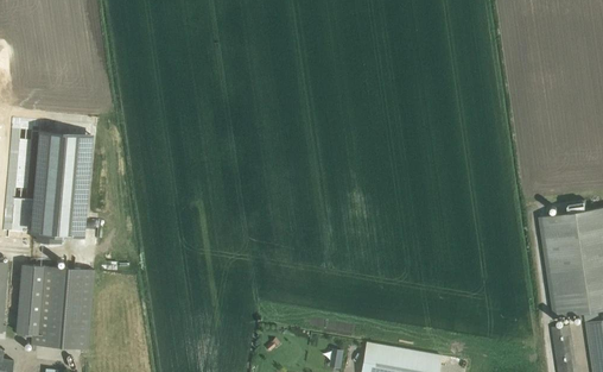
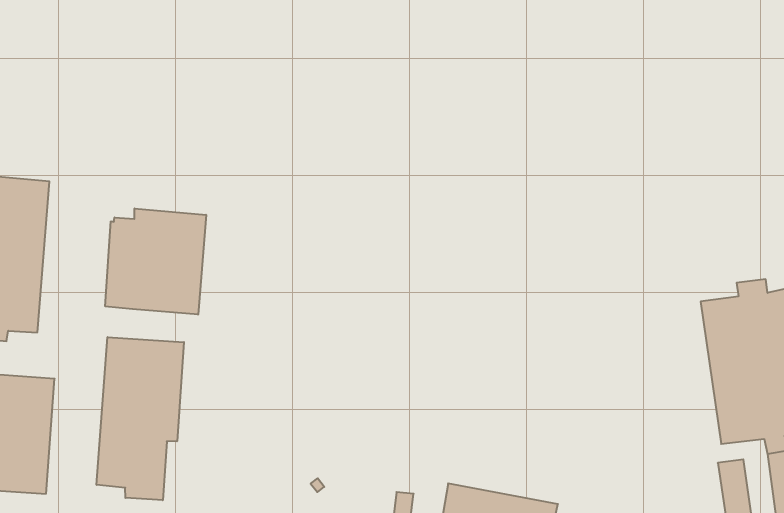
building: none -> [105,208,206,315]
building: none -> [97,337,184,500]

